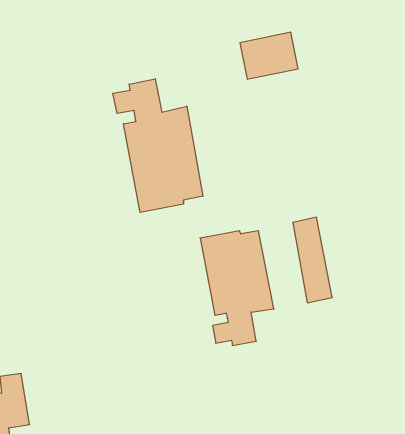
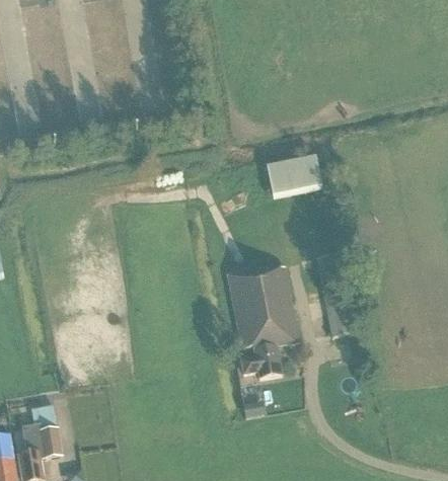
building: [240,32,298,79] -> [267,153,323,198]
building: [113,79,203,212] -> none

